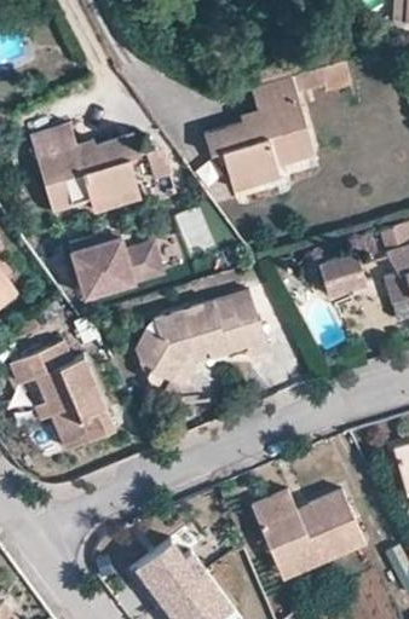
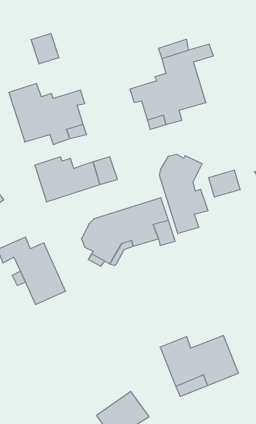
building: none -> [31,33,59,64]
building: none -> [160,154,208,234]
building: [131,539,207,606] -> none

